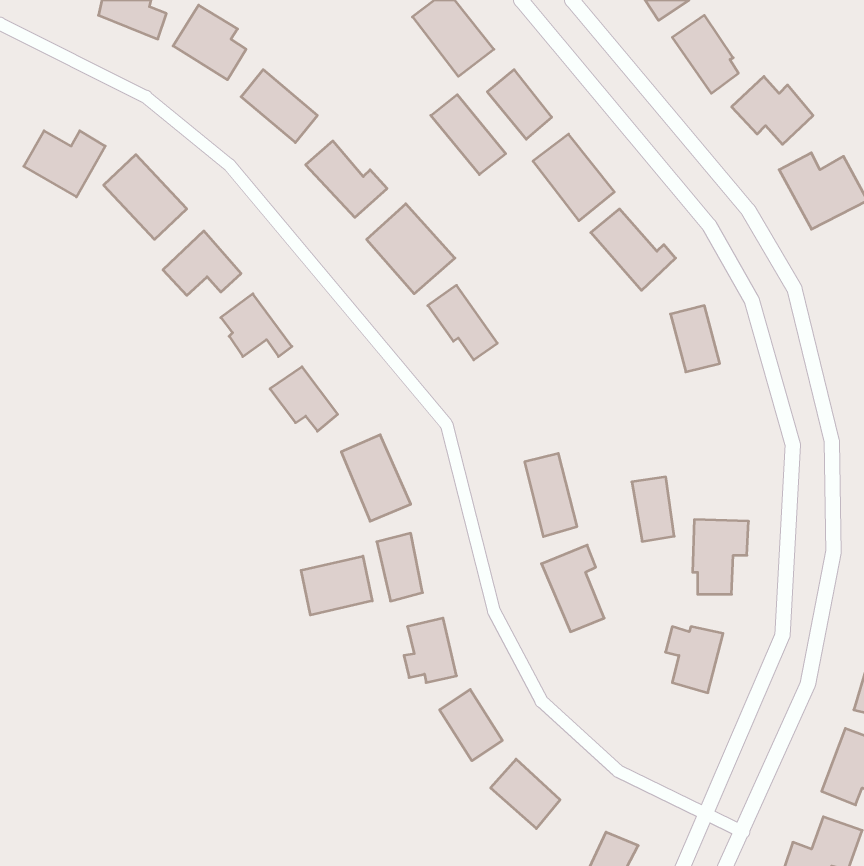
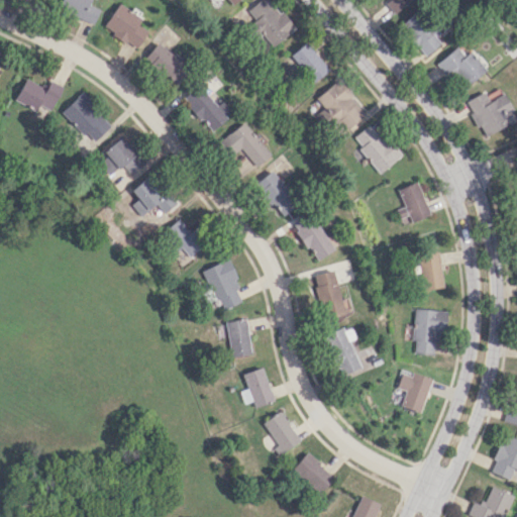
building: [431,95,506,175] -> none
building: none -> [294,213,341,261]
building: [632,477,674,541] -> [419,252,444,291]
building: [301,556,372,615] -> none

